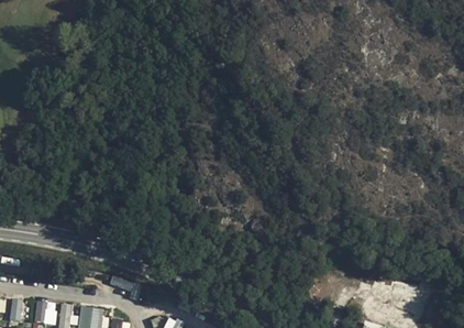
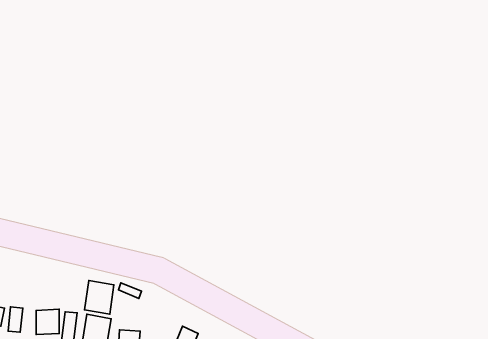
building: none -> [84,280,114,314]

